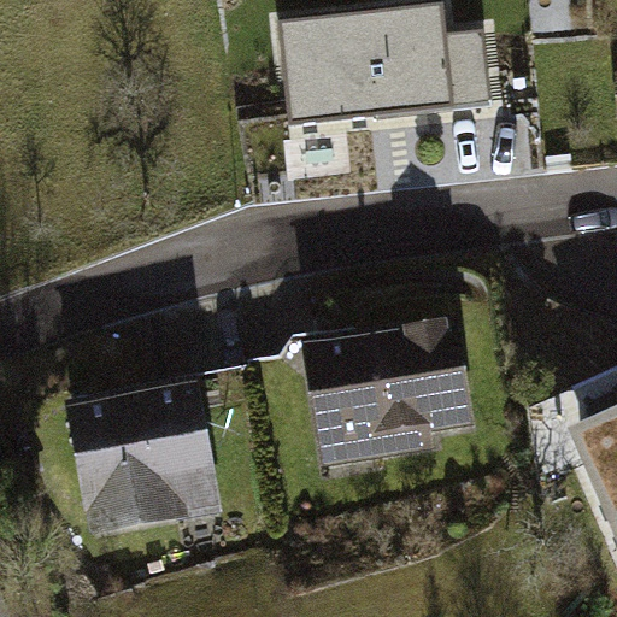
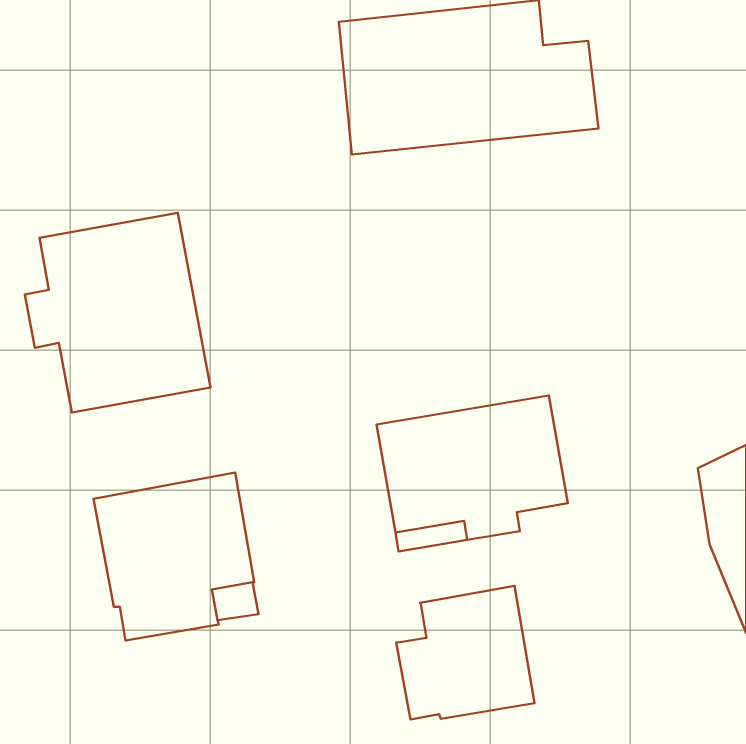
building: none -> [25,213,210,413]
building: none -> [396,586,534,720]

